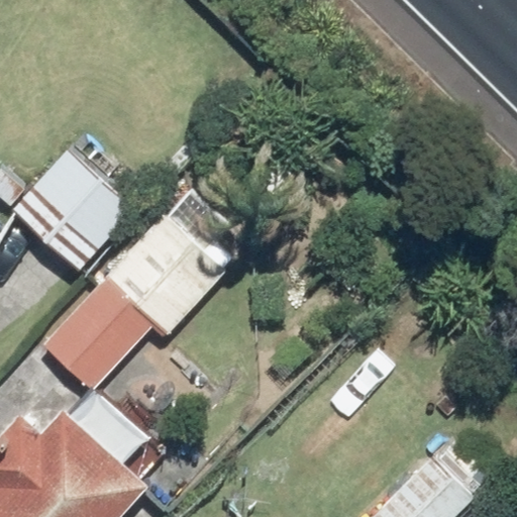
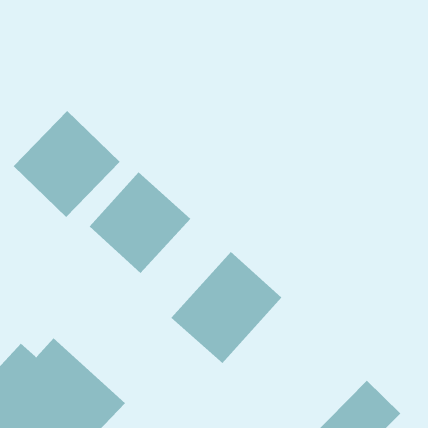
building: [42,284,149,391] -> none
building: none -> [170,251,282,364]

